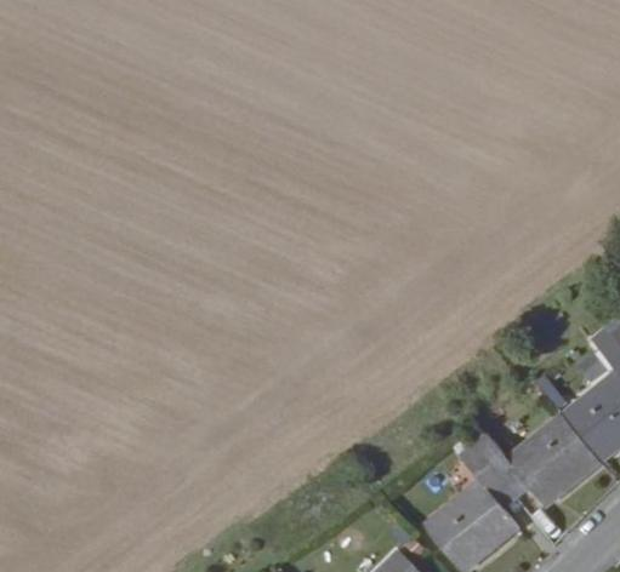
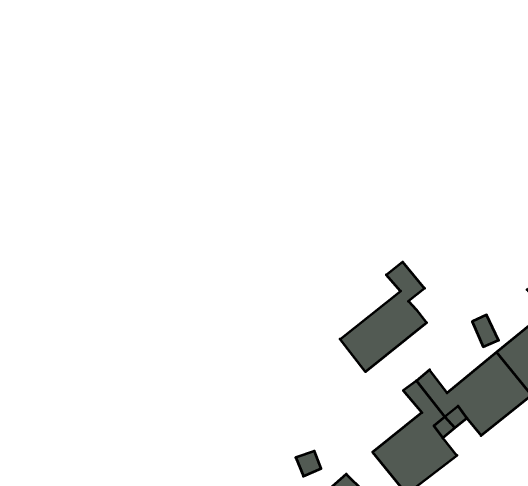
building: none -> [340,262,427,372]

